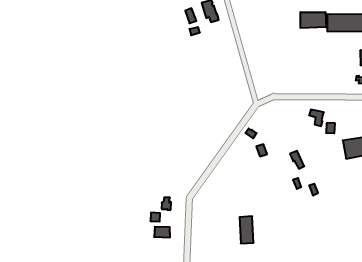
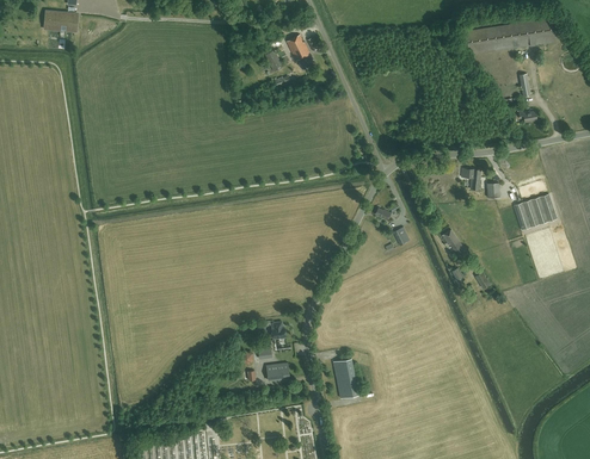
building: [300,12,326,28] -> none
building: [240,216,254,243] -> [332,358,357,398]

